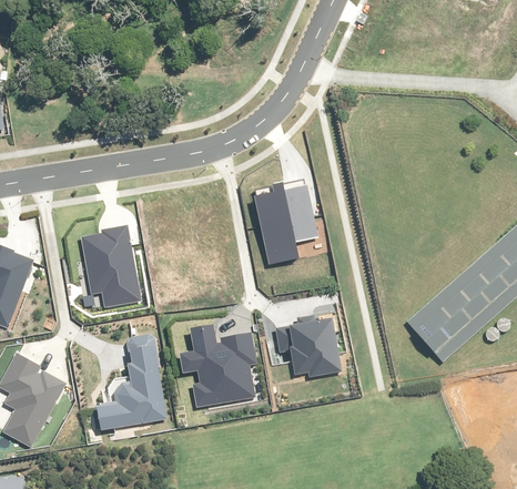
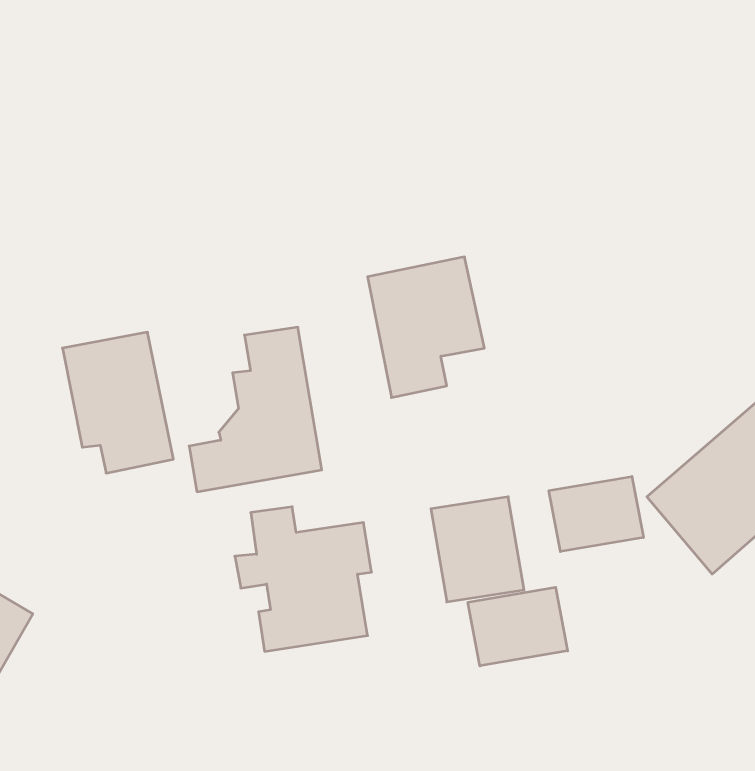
building: none -> [549,476,643,552]
building: [93,338,168,430] -> [189,327,322,492]
building: none -> [468,587,568,666]

